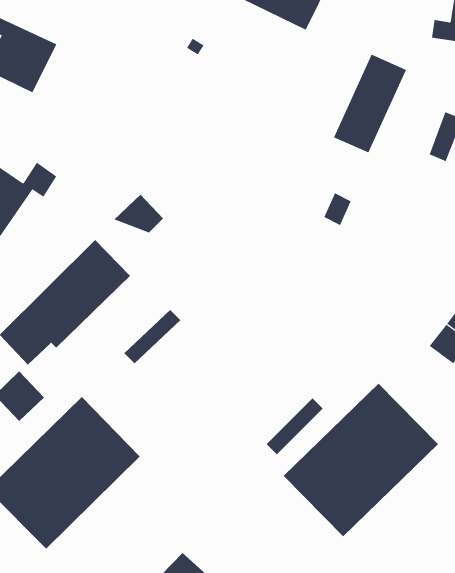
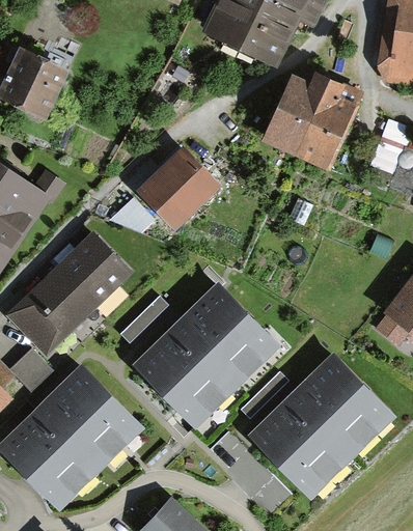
building: none -> [266,69,328,151]
building: none -> [141,152,214,225]
building: none -> [138,288,270,419]

